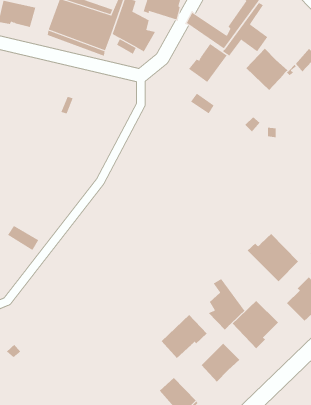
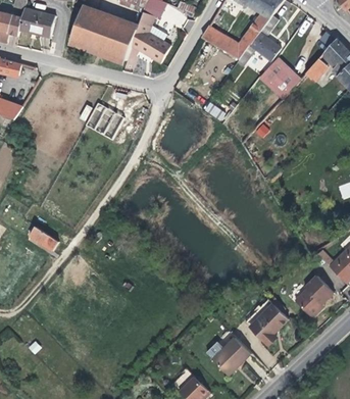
building: [188,43,228,83] -> none
building: none -> [86,102,126,139]
building: [247,233,299,282] -> none
building: [208,278,245,330] -> none
building: [161,314,208,359] -> none

